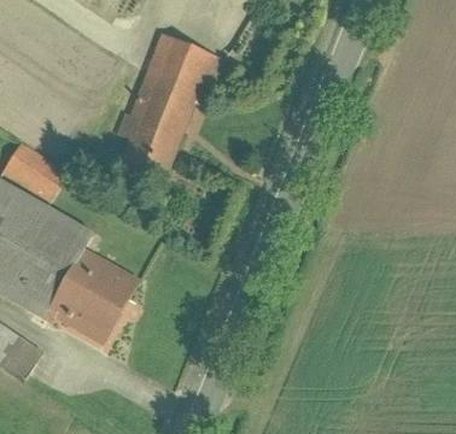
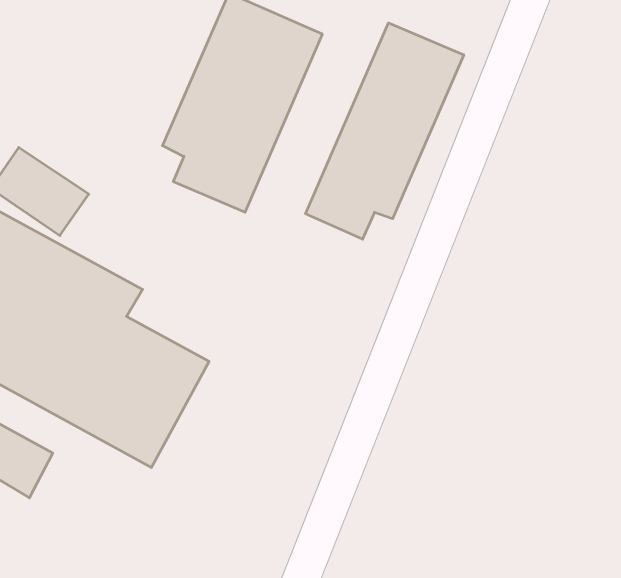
building: none -> [306,23,464,239]

